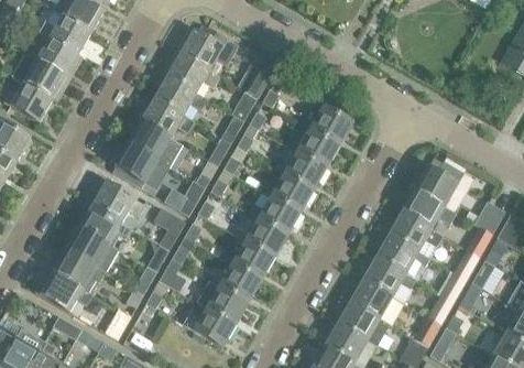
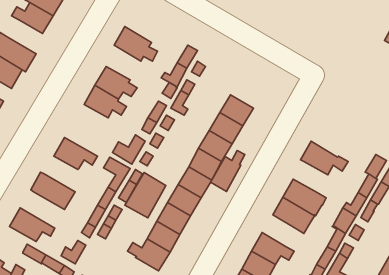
building: [179,26,238,66] -> none
building: [35,37,83,79] -> none
building: [156,68,206,111] -> none
building: [310,107,352,147] -> none
building: [114,142,168,183] -> none
building: [414,165,487,207] -> none
building: none -> [211,151,245,192]
building: [79,206,132,250] -> none
building: [389,213,443,258] -> none
building: none -> [125,172,166,218]
building: [50,248,105,295] -> none
building: [350,279,393,318] -> none

